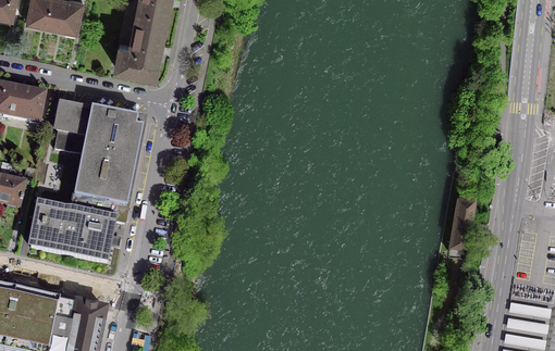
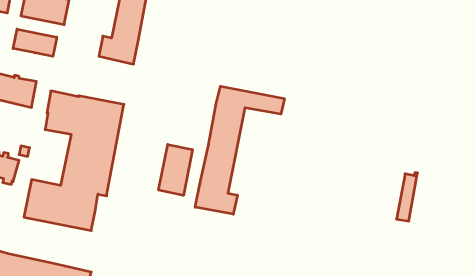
building: none -> [13,29,57,56]
building: none -> [195,86,284,214]
building: none -> [159,144,193,195]

